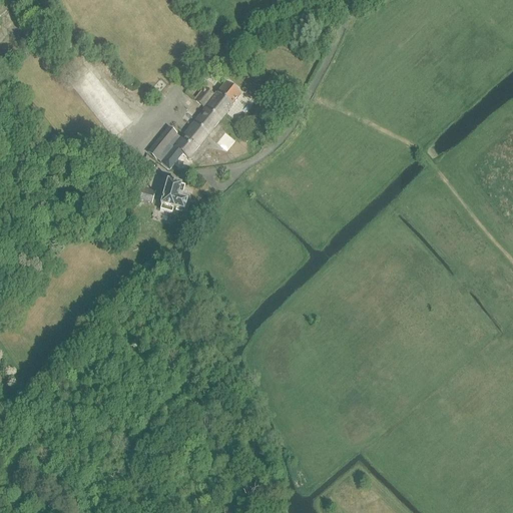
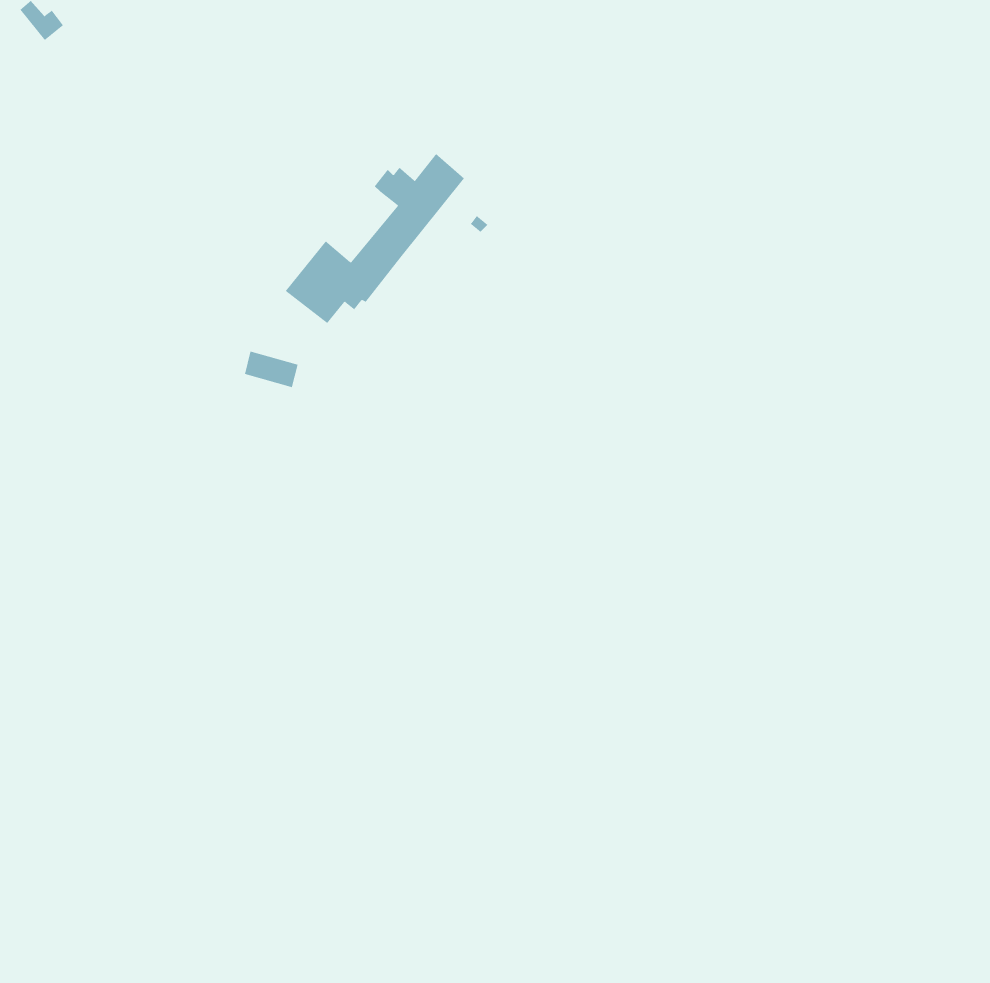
building: [159,175,186,211] -> none

